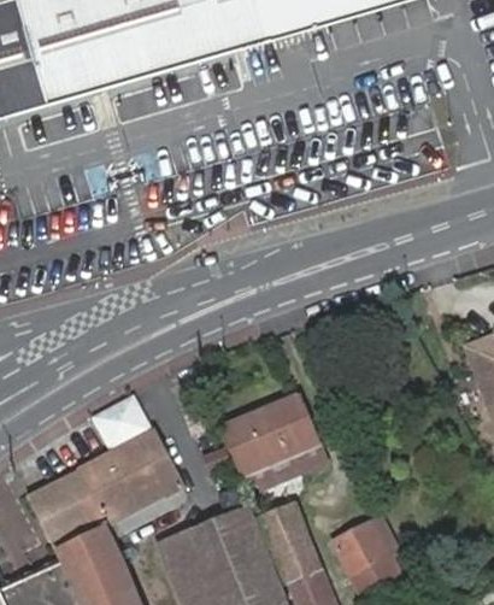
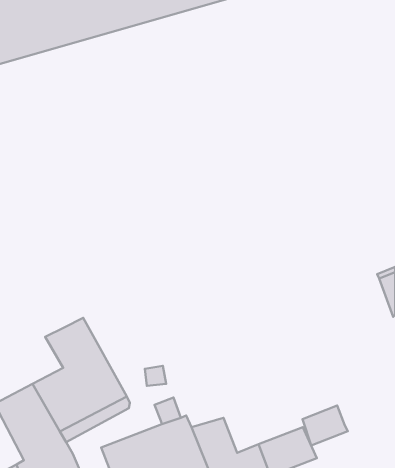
building: [217,399,316,486] -> none
building: none -> [302,405,348,445]

